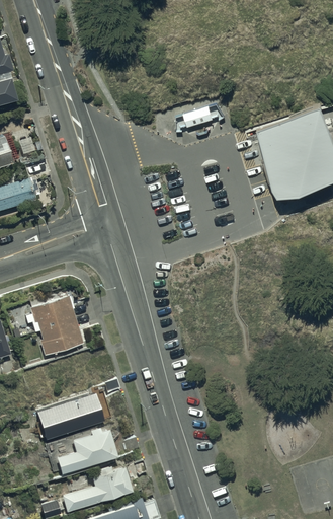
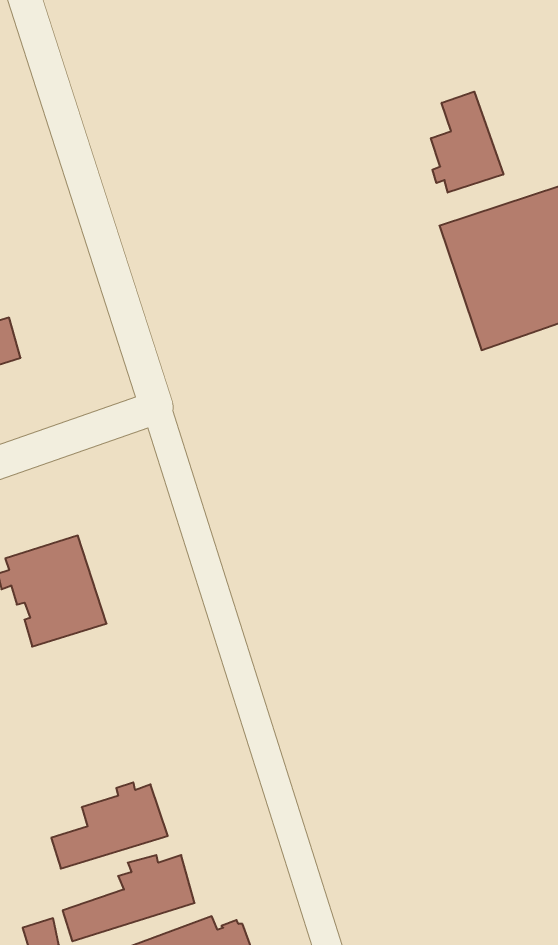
building: none -> [431,92,503,193]
building: [33,387,103,437] -> none

